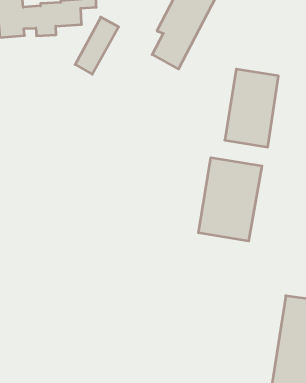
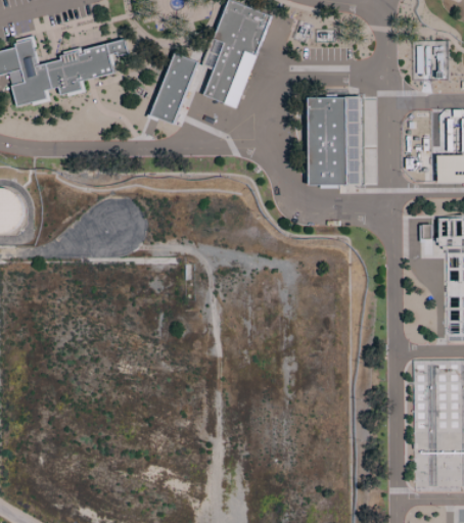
building: [75,17,119,74] -> [151,53,196,124]
building: [199,158,262,241] -> none

